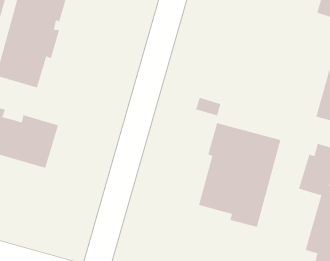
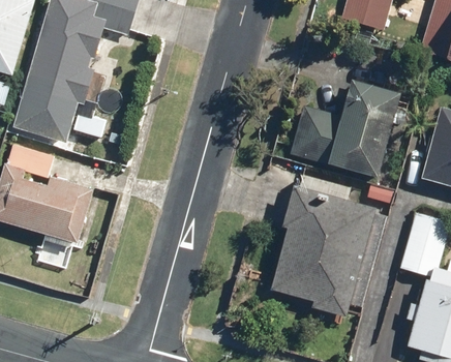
building: none -> [291,80,401,175]

